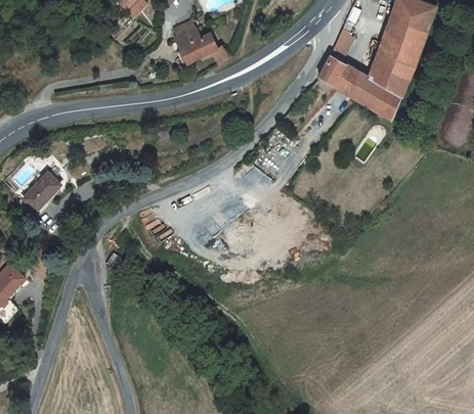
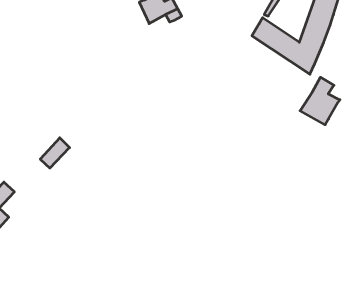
building: none -> [300,77,340,125]
building: [21,169,58,206] -> [40,138,70,168]

